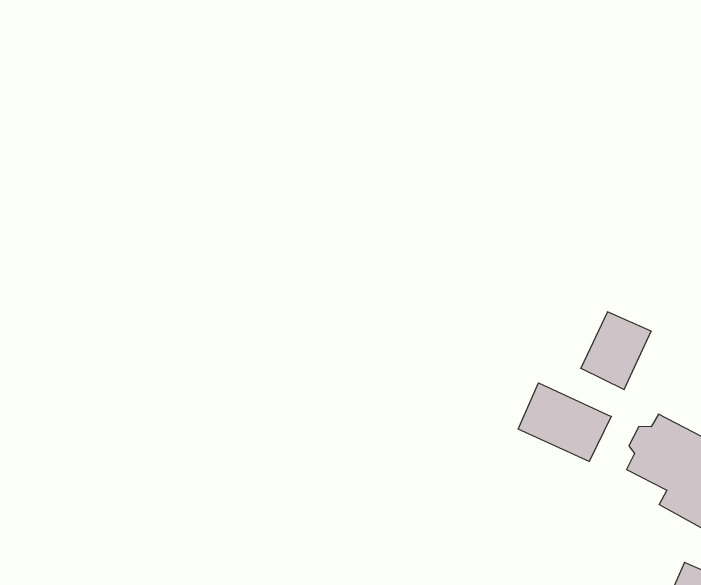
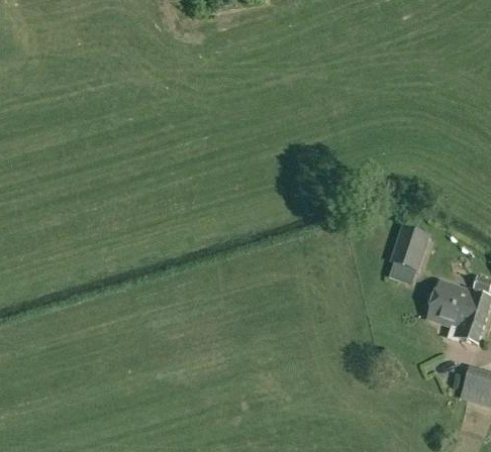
building: [518,383,611,461] -> none

